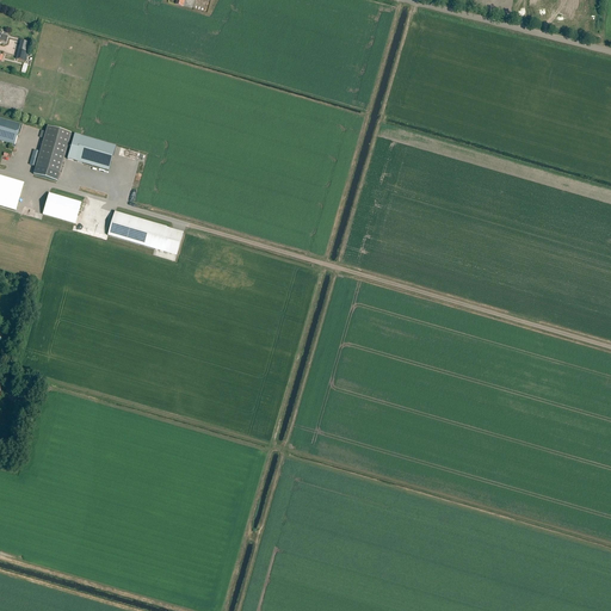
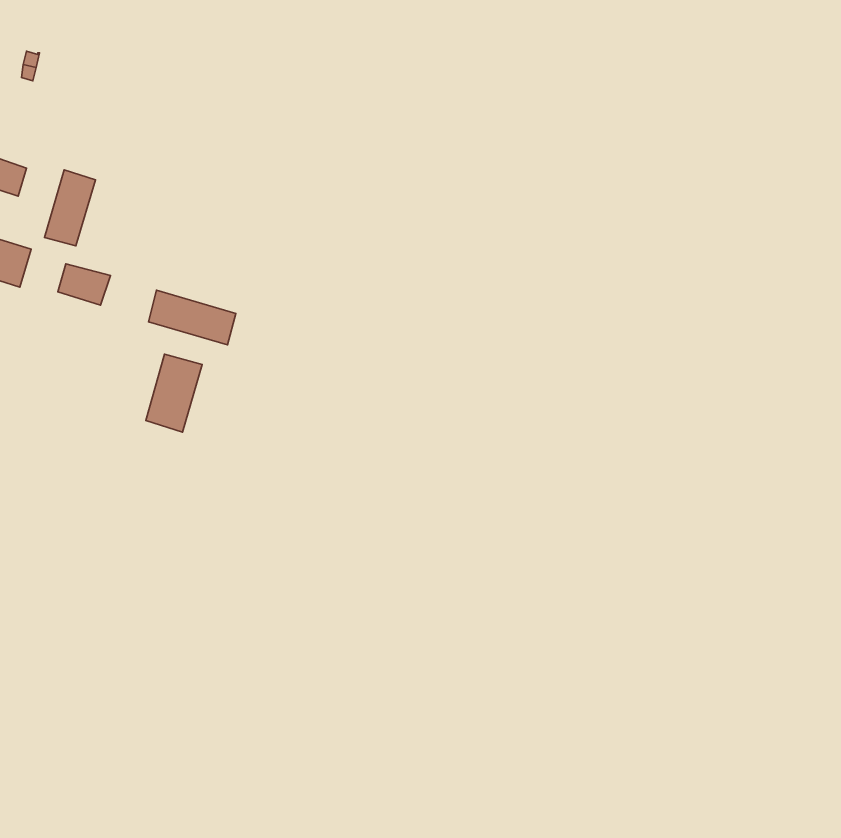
building: [66,132,115,168] -> none
building: none -> [146,354,202,432]

